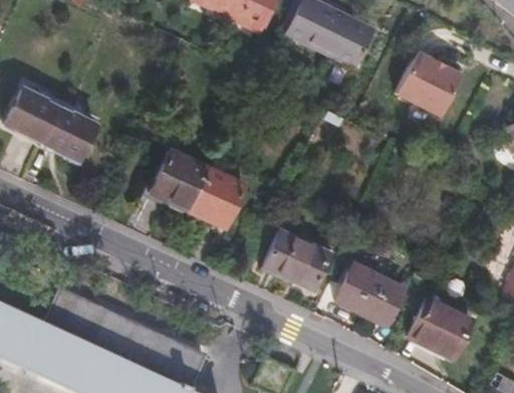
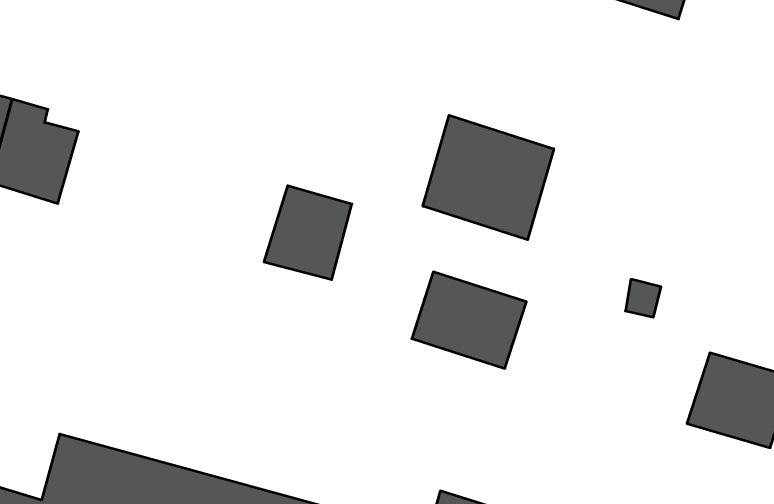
building: none -> [423,115,554,240]
building: [152,152,209,210] -> none
building: [336,265,403,326] -> none

